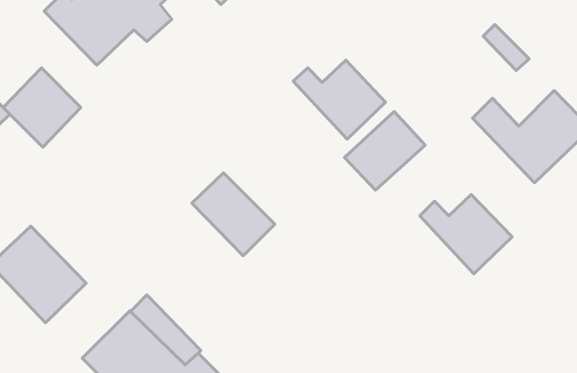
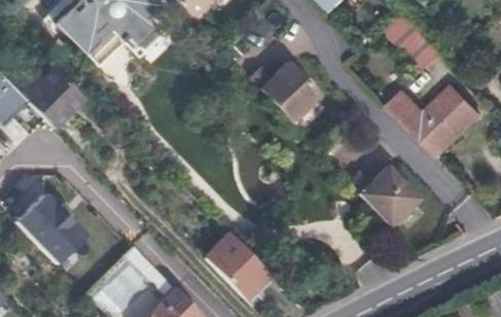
building: [345,111,425,190] -> none
building: [192,173,275,256] -> [205,233,270,297]

